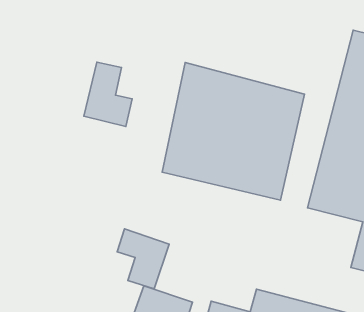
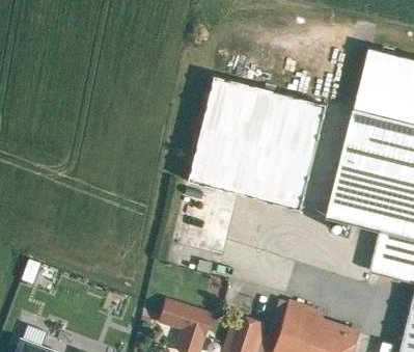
building: [84,62,132,127] -> none
building: [117,229,169,289] -> none

